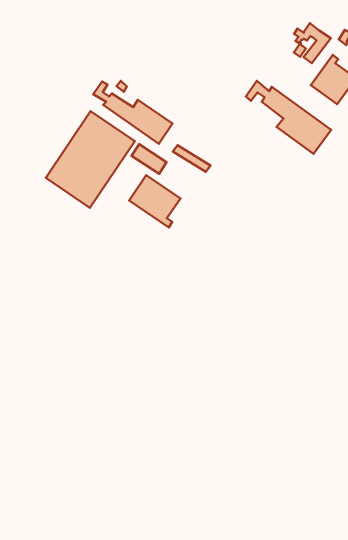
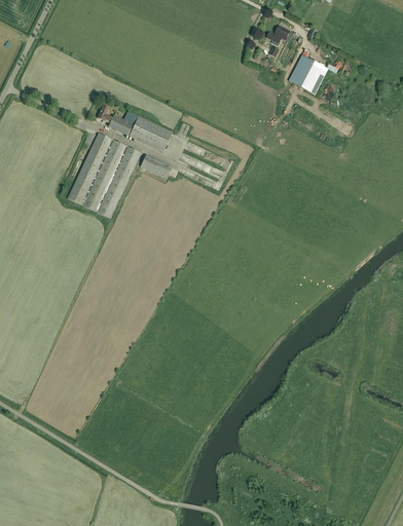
building: [246,81,331,154] -> none
building: [129,175,181,227] -> none

